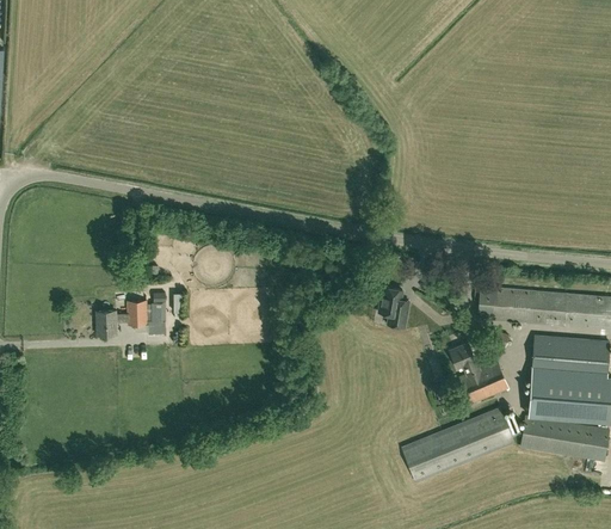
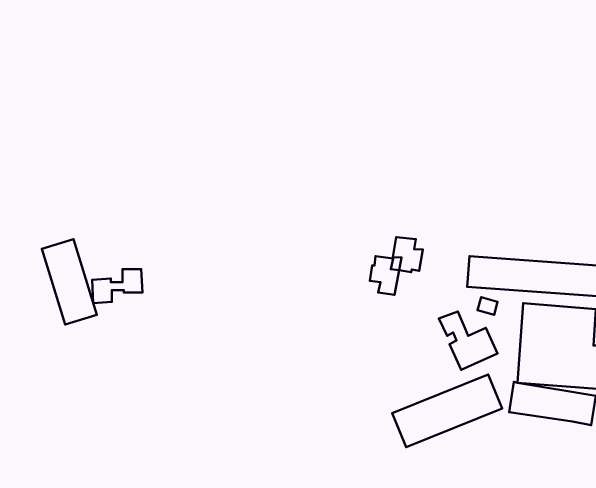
building: none -> [393,237,423,272]
building: none -> [42,239,97,324]
building: [147,293,166,333] -> none

